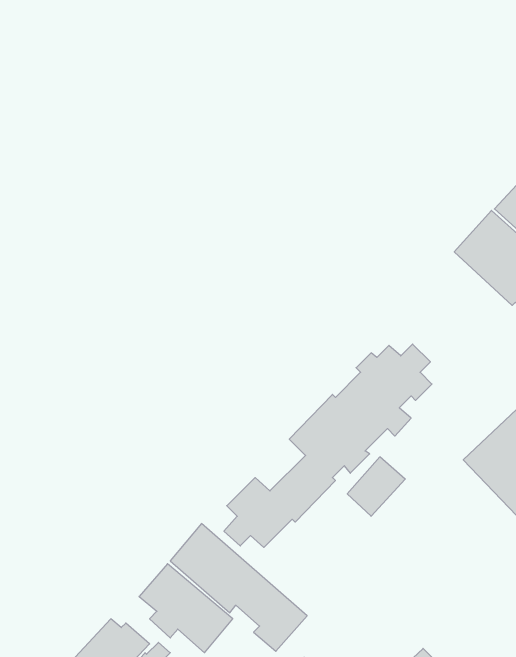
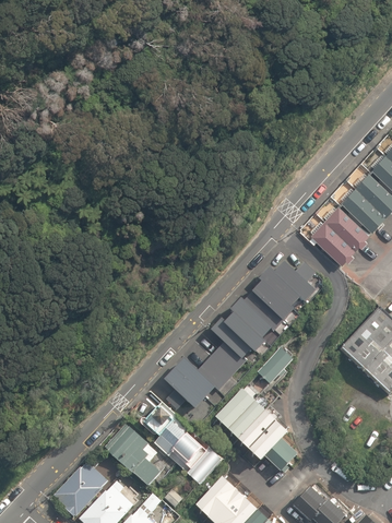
building: none -> [296,194,375,268]
building: none -> [216,385,300,472]

